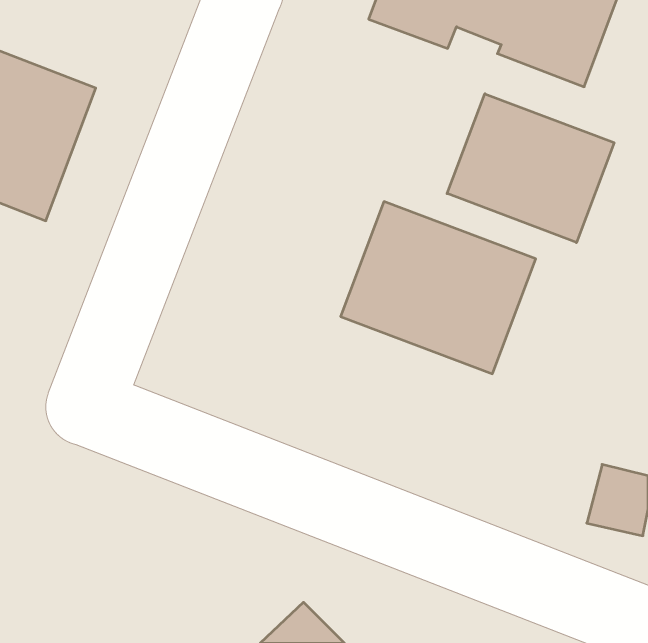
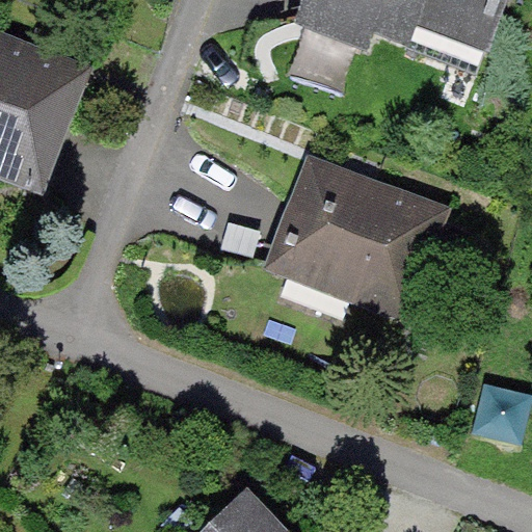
building: [447,94,614,243] -> none

